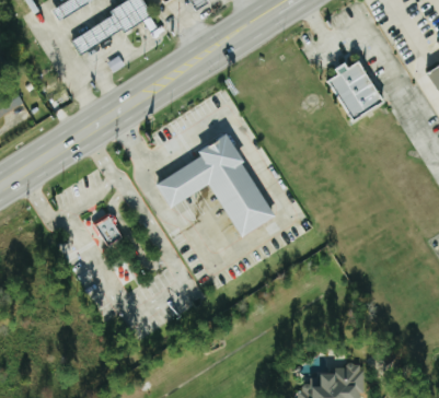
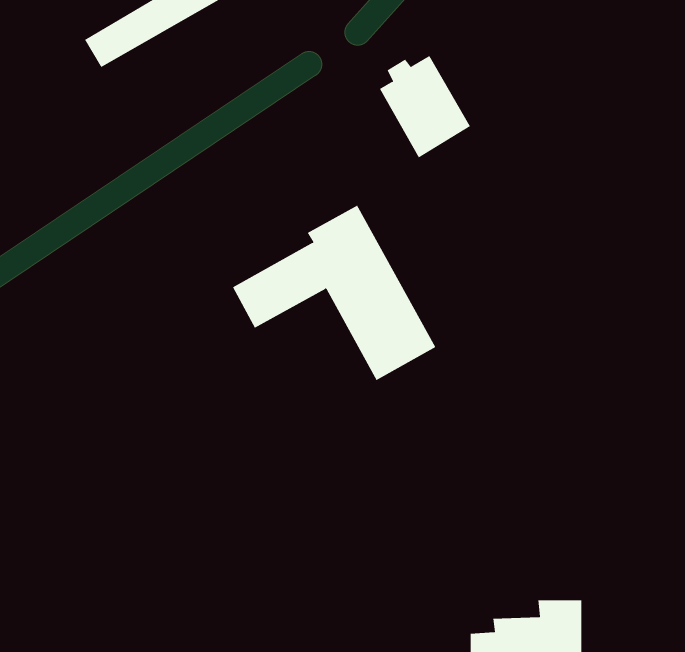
building: [331,60,384,120] -> [379,55,471,158]
building: [93,214,120,246] -> none

